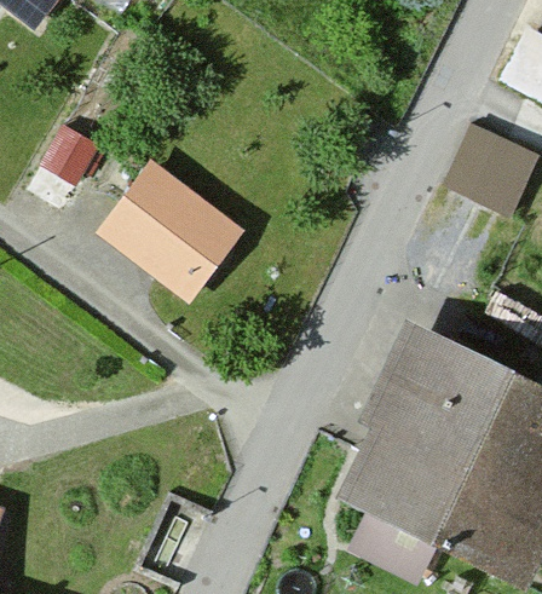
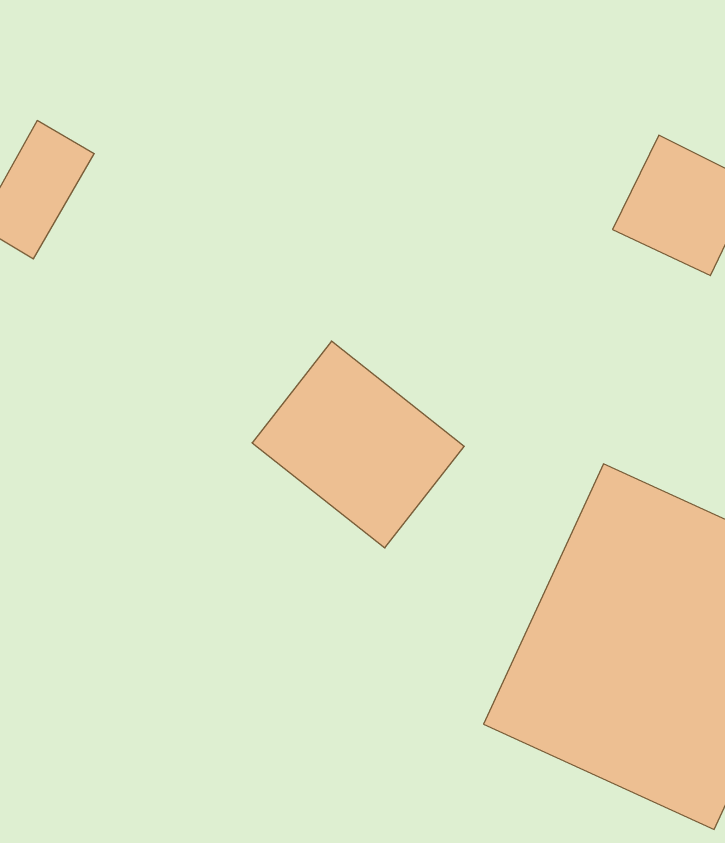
building: [98,158,237,294] -> [252,341,464,548]

